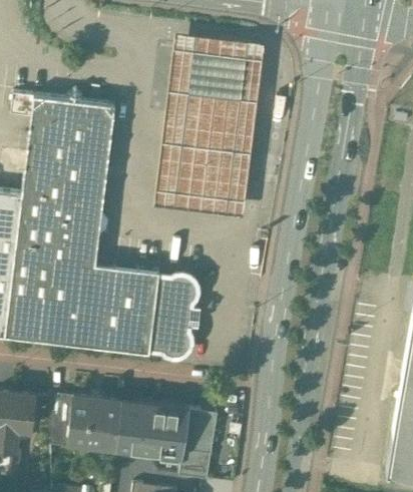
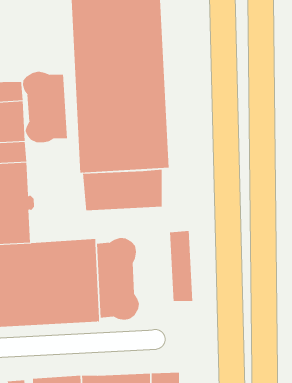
building: none -> [22,71,68,143]
building: none -> [82,169,162,211]
building: none -> [170,230,193,302]

